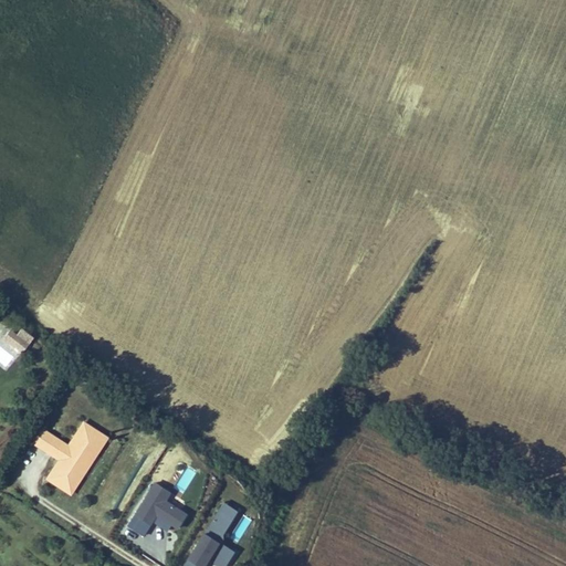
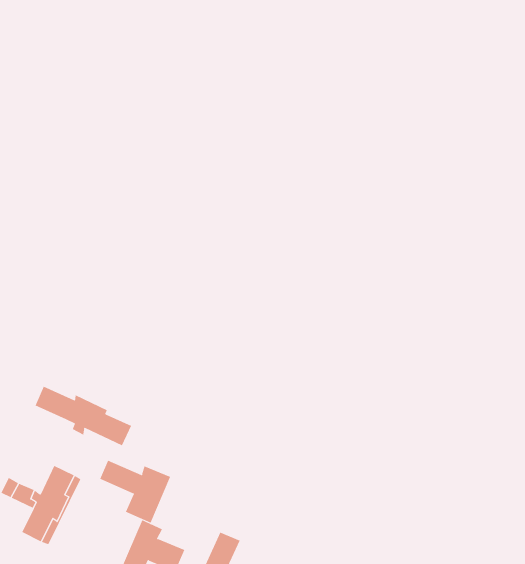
building: none -> [35,386,132,446]
building: none -> [99,460,171,524]

